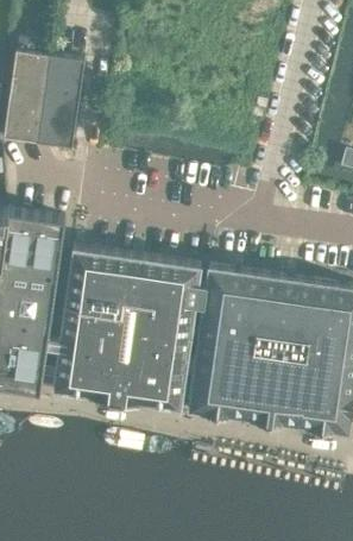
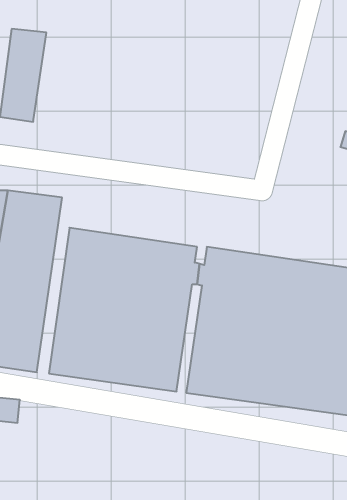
building: [36,54,82,146] -> none

